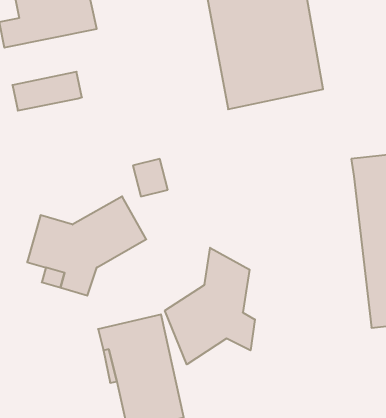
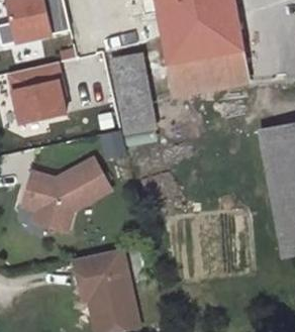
building: none -> [106,29,154,133]
building: none -> [14,85,66,125]
building: [165,248,255,364] -> none

